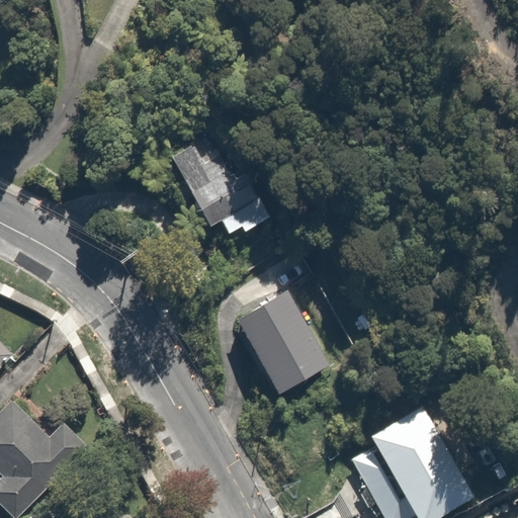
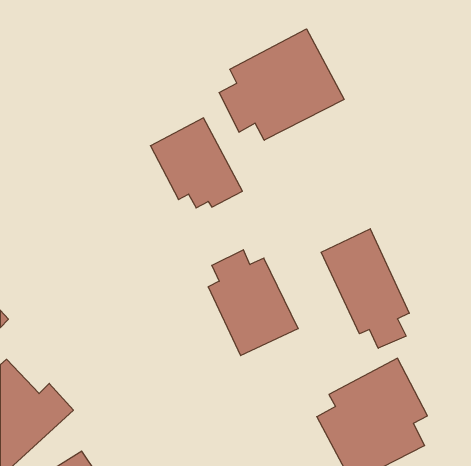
building: none -> [219,29,344,140]
building: none -> [321,229,409,348]

